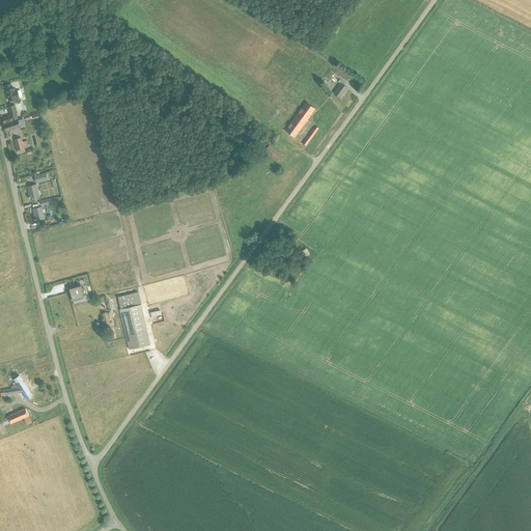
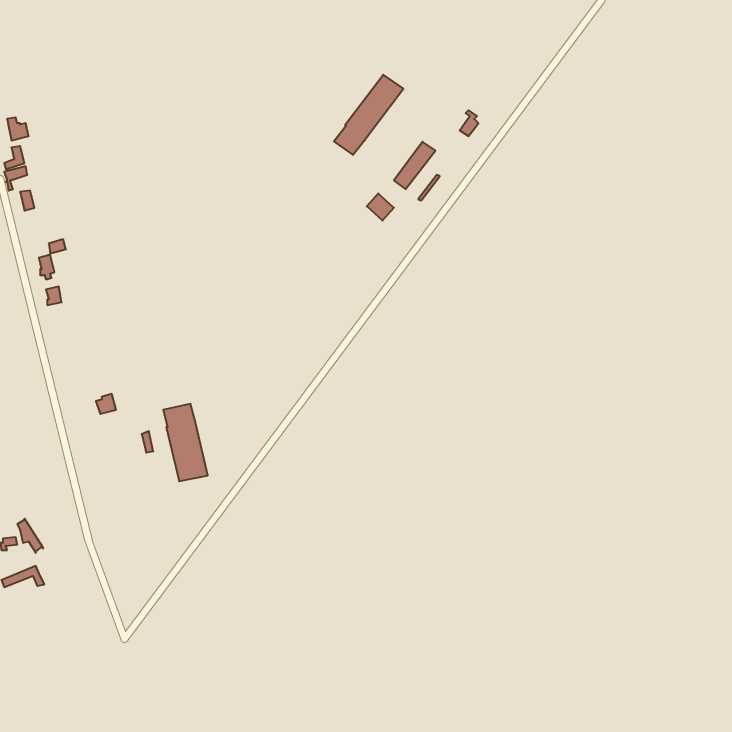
building: none -> [334,75,403,155]

